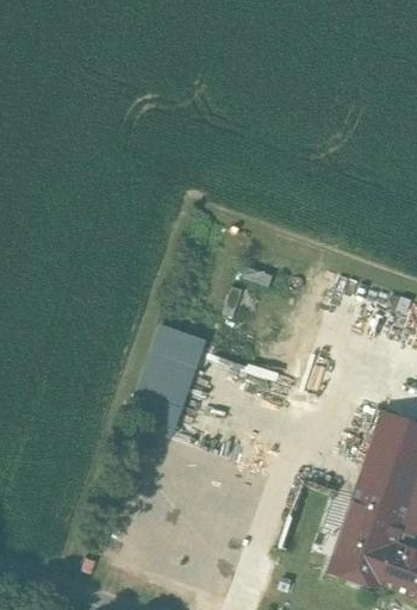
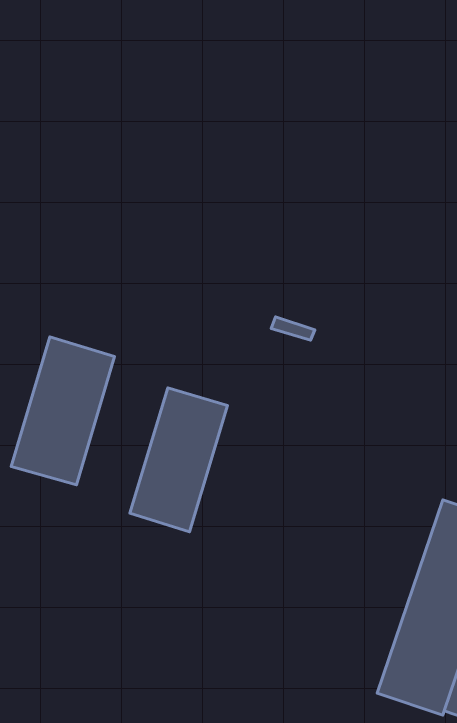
building: none -> [11,337,114,485]

